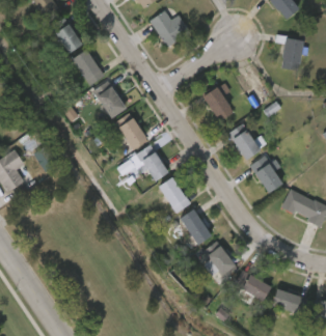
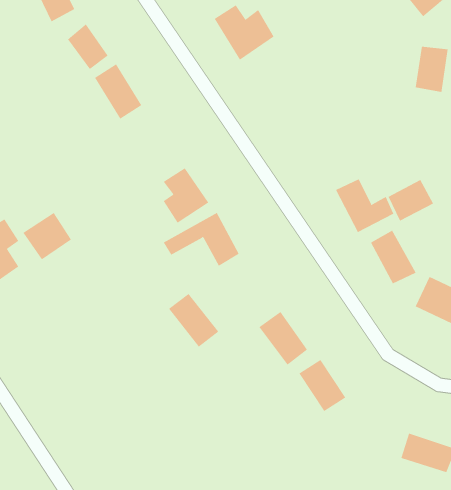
building: [97,86,126,117] -> none
building: [202,86,232,119] -> none
building: none -> [388,179,434,222]
building: [157,176,190,212] -> [168,293,219,347]
building: [239,273,270,302] -> none

